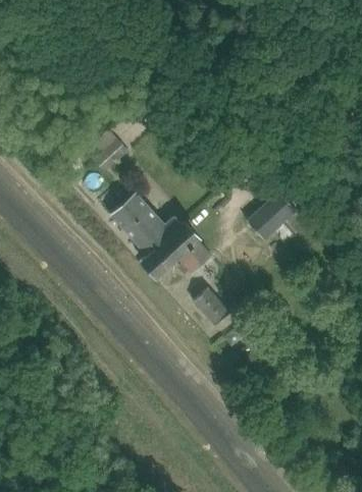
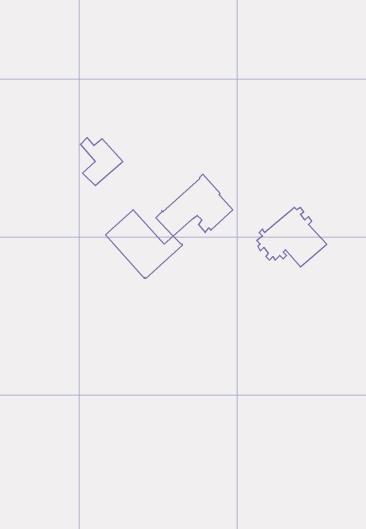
building: [142,222,210,277] -> [156,174,233,236]
building: [194,286,229,324] -> none

